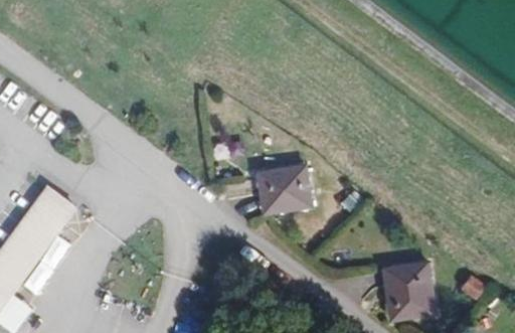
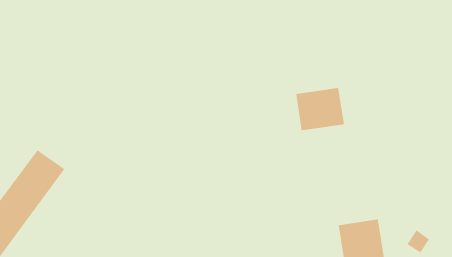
building: [258,166,313,214] -> [295,87,345,131]

